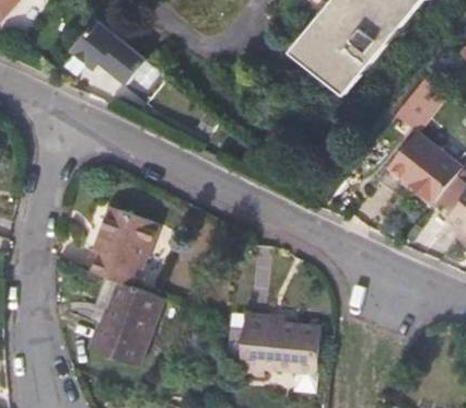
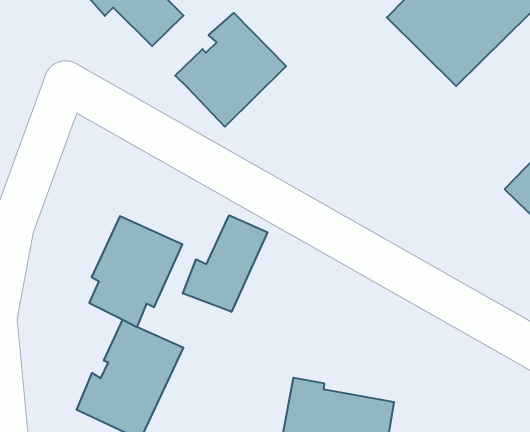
building: none -> [175,13,286,127]
building: none -> [183,215,268,312]

